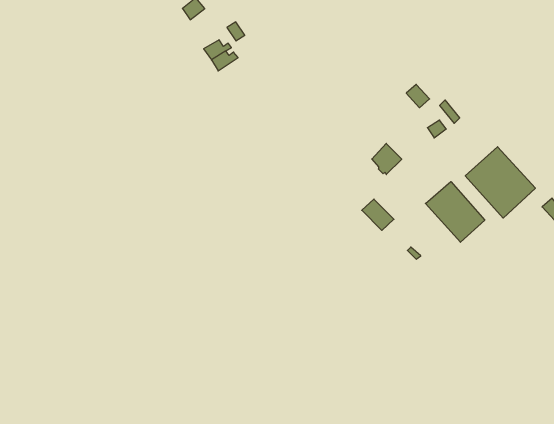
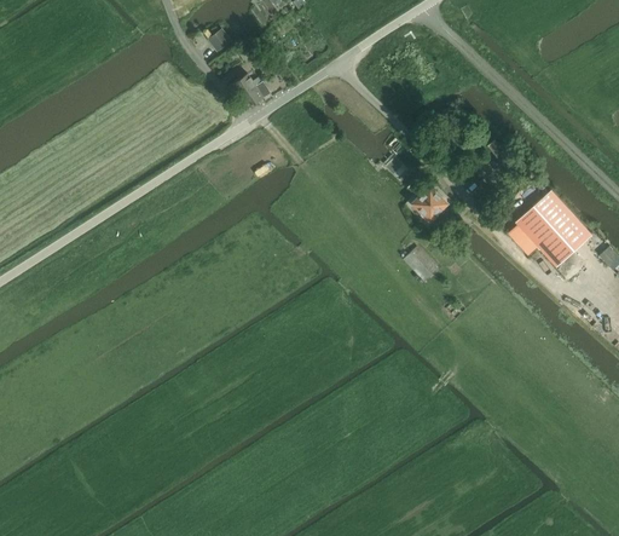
building: [425,182,485,242] -> none

